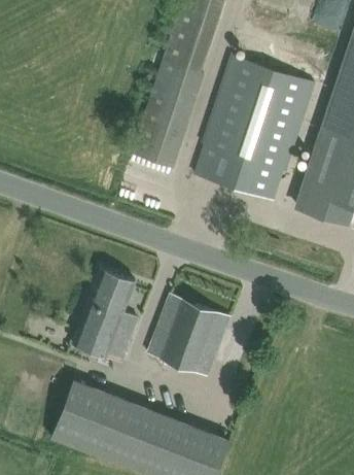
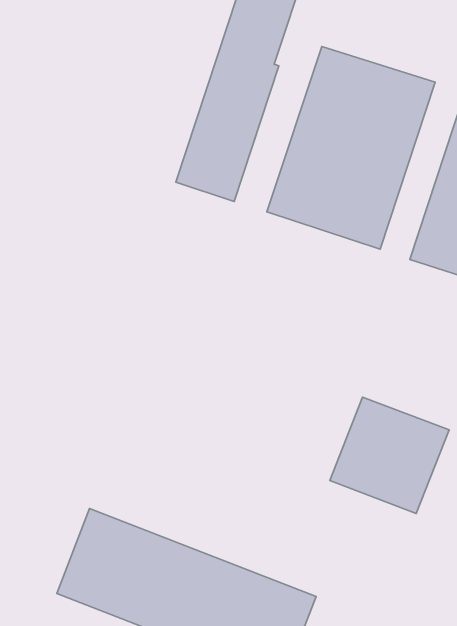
building: [73,269,138,362] -> none
building: [148,296,231,376] -> [330,397,449,513]

